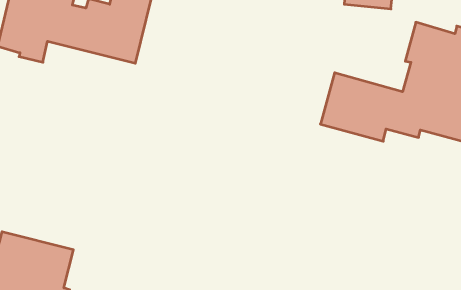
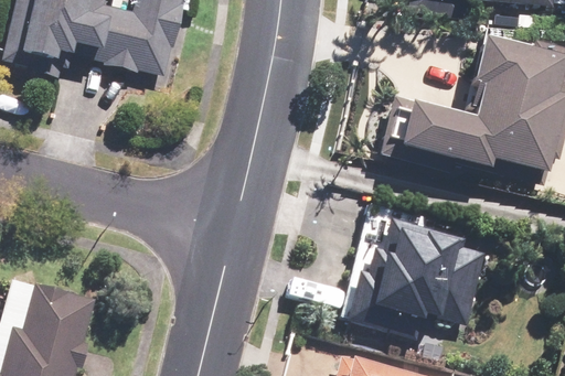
building: none -> [347,216,483,337]

